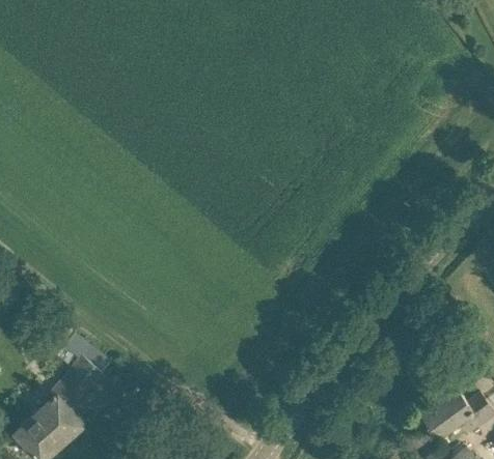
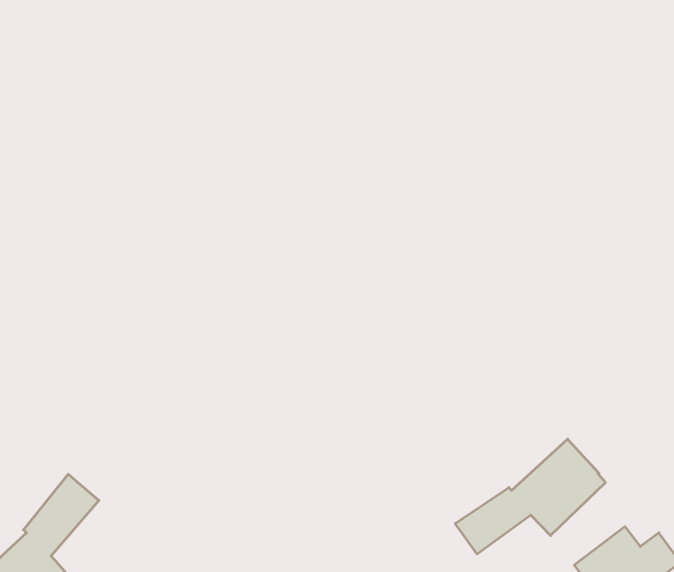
building: none -> [455,439,605,554]

